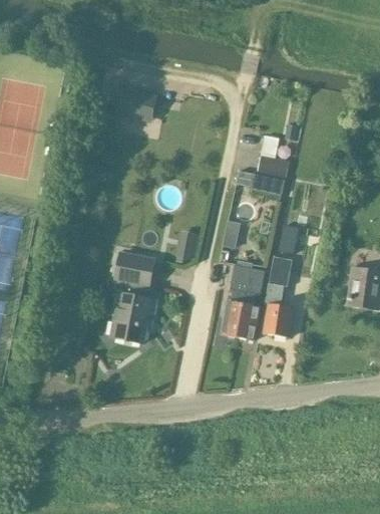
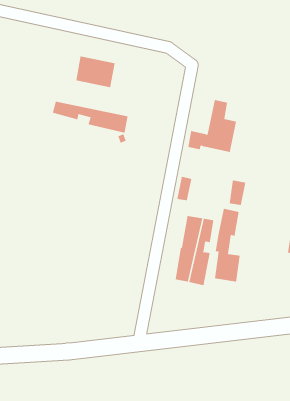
building: none -> [52,101,128,134]
building: [178,230,197,260] -> none
building: [112,252,156,342] -> none

